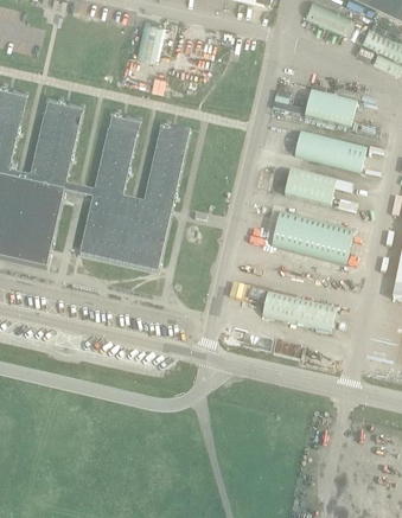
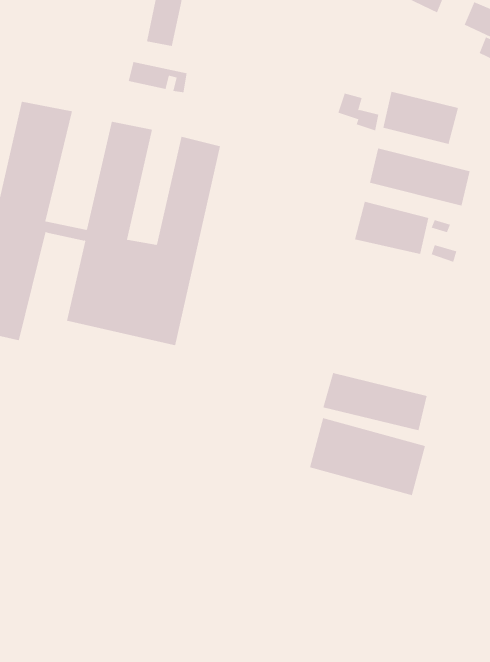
building: [275,210,358,266] -> [309,417,426,496]

